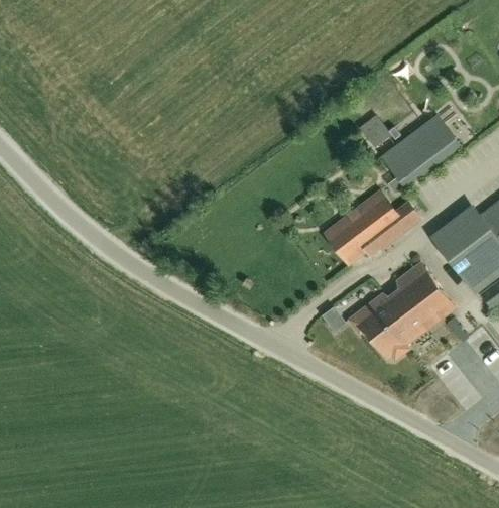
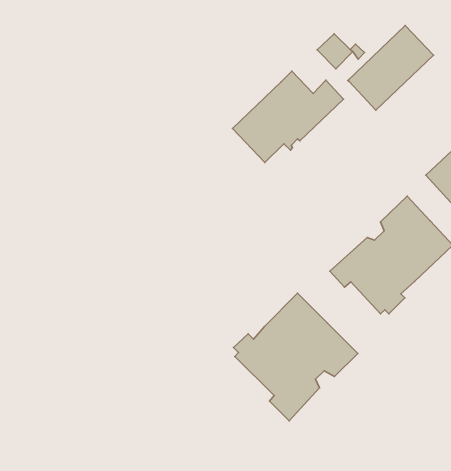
building: [323,188,420,264] -> [232,71,344,163]
building: none -> [233,293,358,421]

